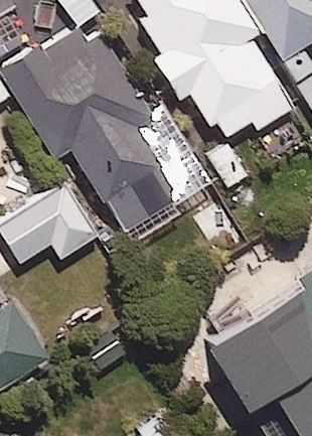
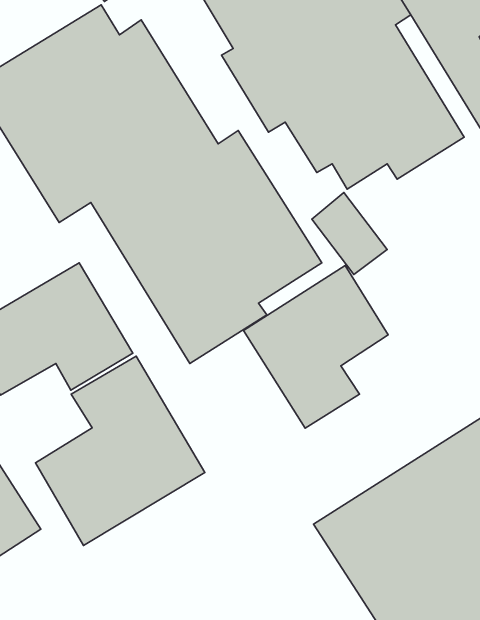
building: none -> [244,265,388,428]
building: none -> [35,356,205,546]

